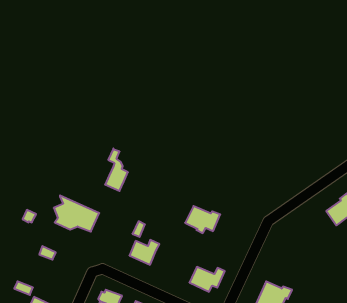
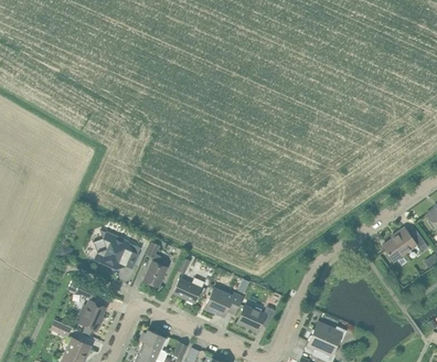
building: [105,148,128,191] -> [143,242,168,287]
building: [185,206,220,233] -> [205,288,243,317]
building: none -> [79,300,106,331]

